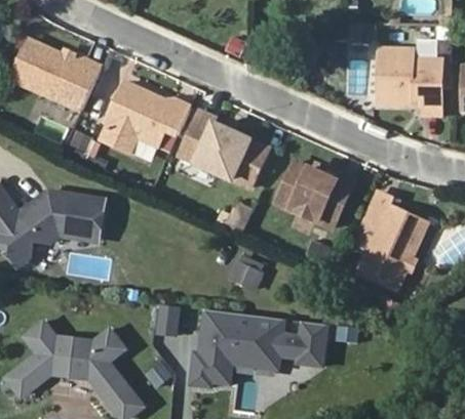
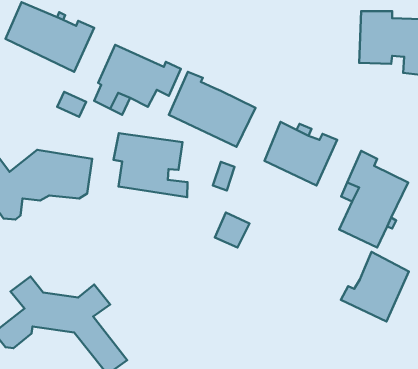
building: none -> [114,133,187,197]
building: none -> [341,252,409,322]
building: [153,301,328,386] -> none

